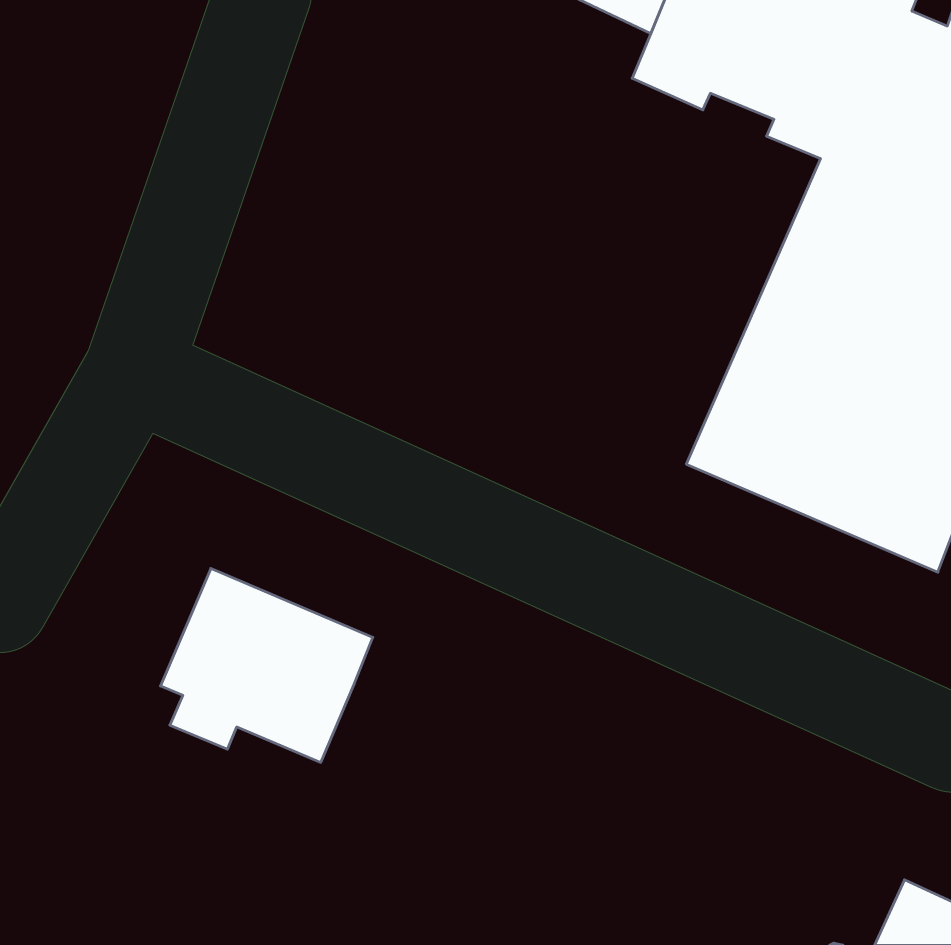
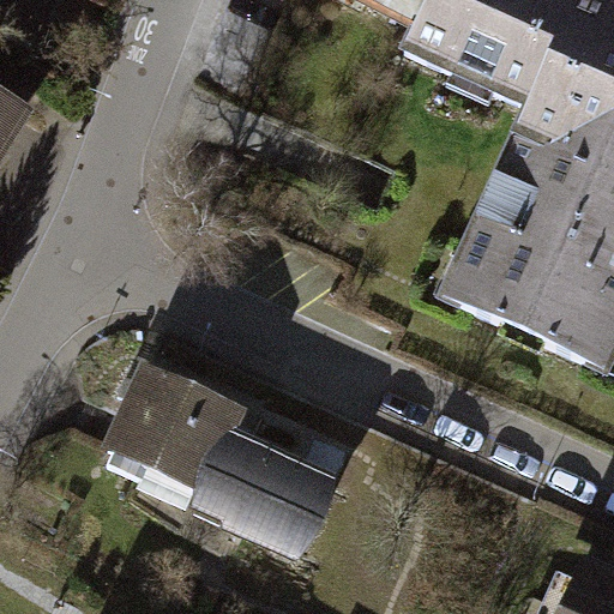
building: none -> [207,440,330,550]

